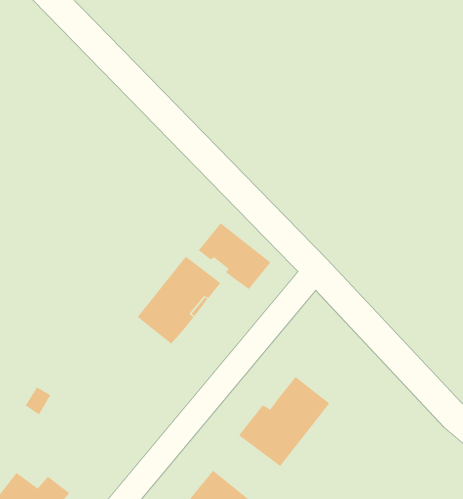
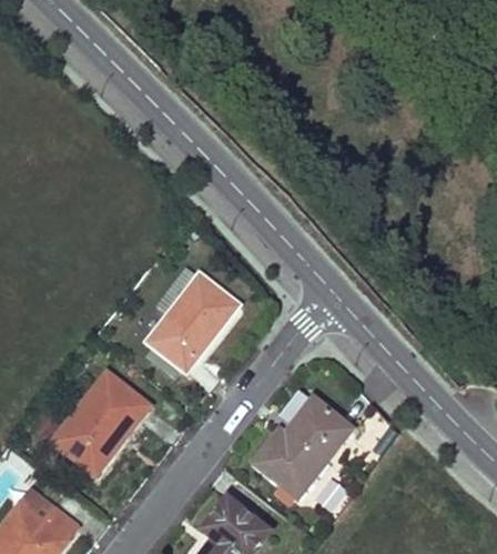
building: [198,222,271,290] -> none
building: none -> [53,372,148,472]

